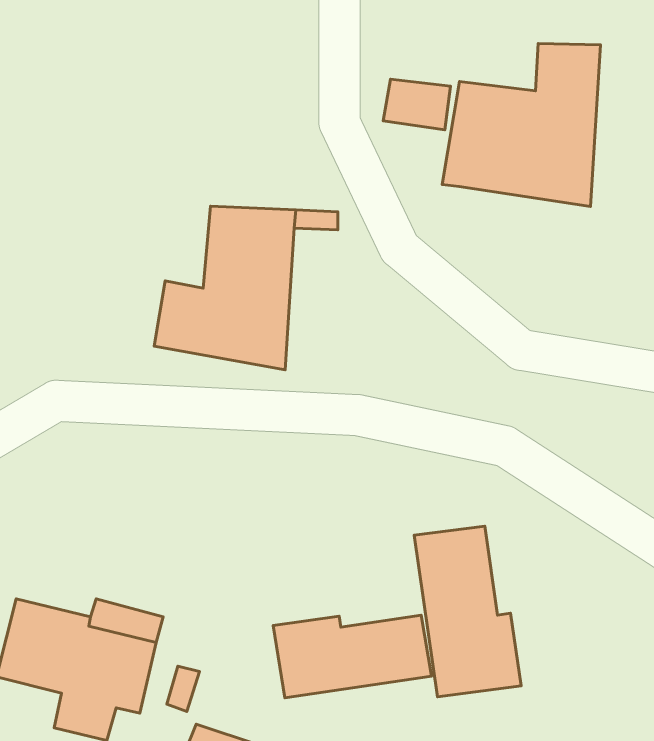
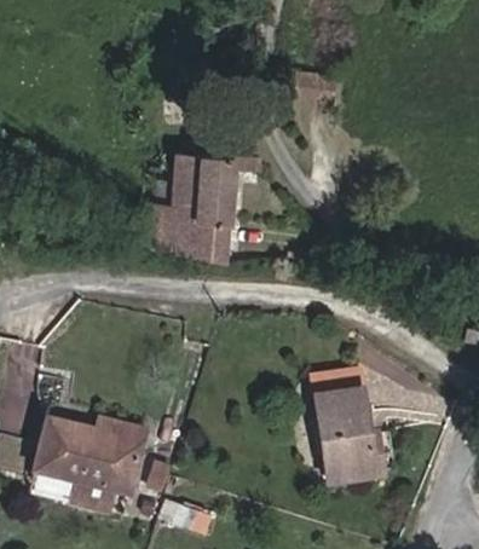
building: [442,44,600,206] -> none
building: [273,615,431,698] -> none

